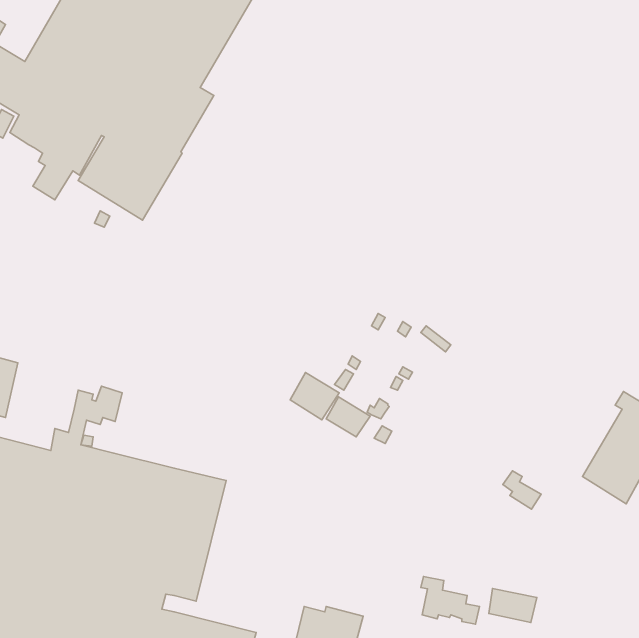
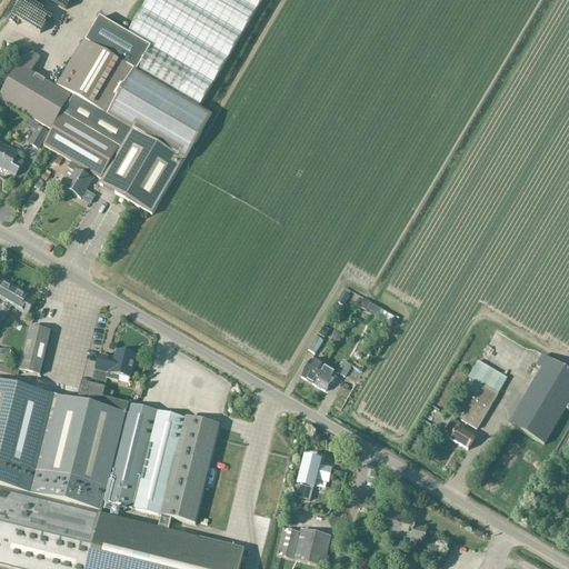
building: [290,373,339,420] -> none
building: none -> [461,358,507,427]
building: none -> [296,455,331,498]
building: [489,589,537,622] -> none

